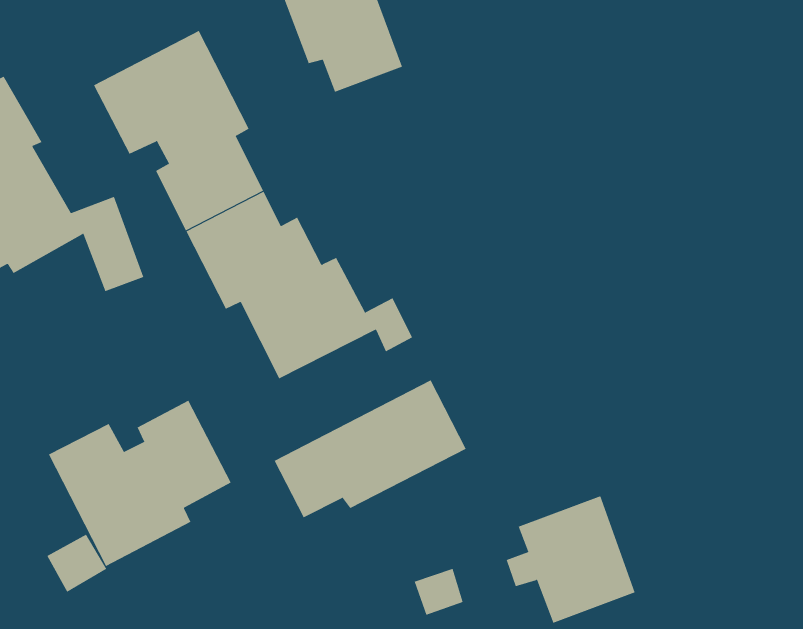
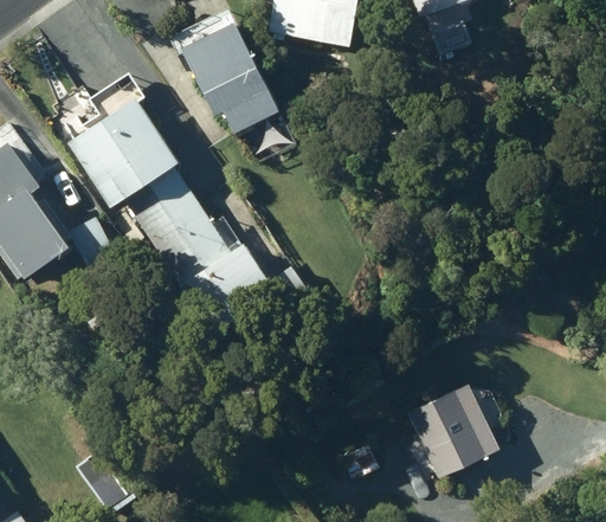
building: [274,379,466,518] -> none
building: [48,400,231,567] -> none

